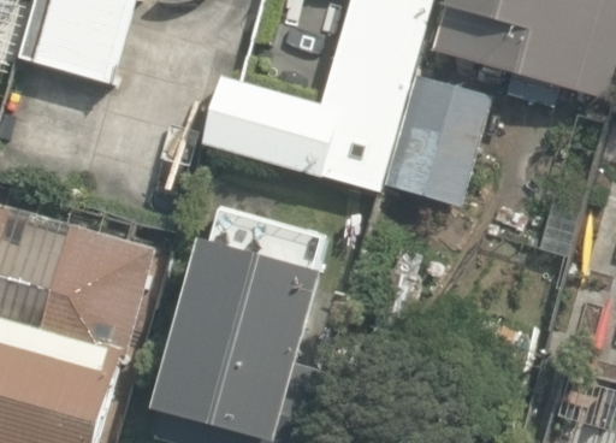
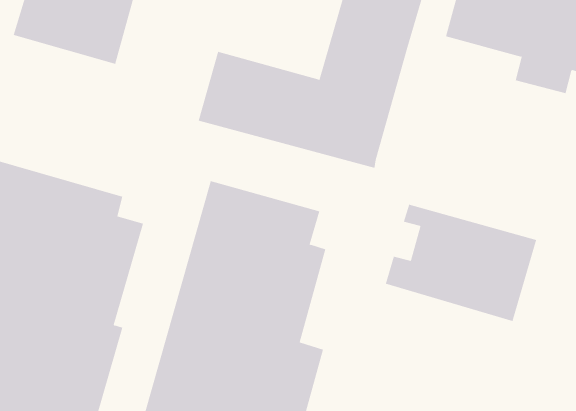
building: [374,71,487,206] -> none
building: none -> [385,204,537,322]

